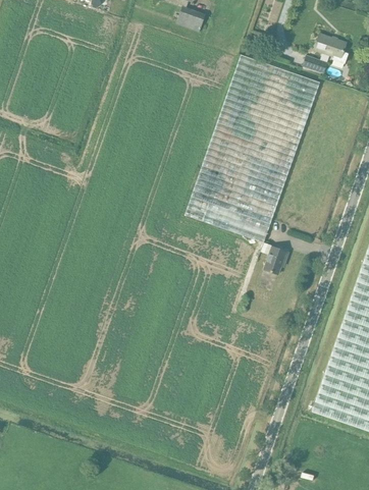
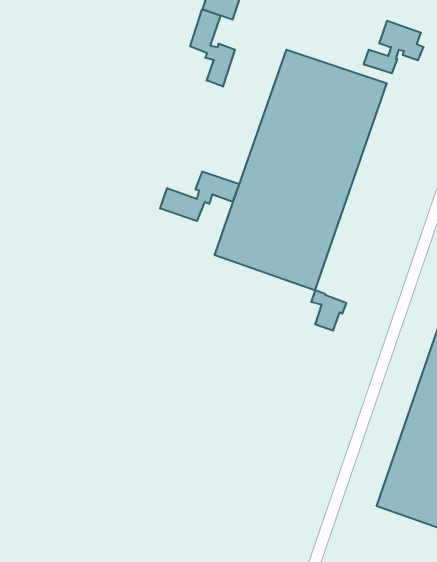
building: none -> [190,9,235,87]
building: none -> [160,172,239,221]

